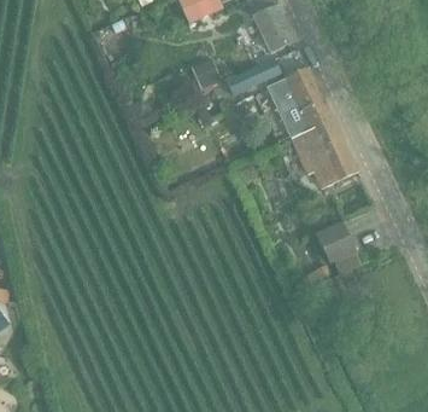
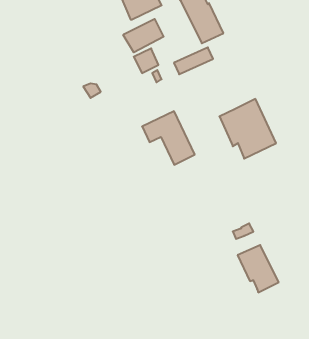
building: none -> [123,19,164,52]
building: [269,68,330,130] -> [142,111,195,165]
building: [312,221,360,277] -> [238,245,279,292]

